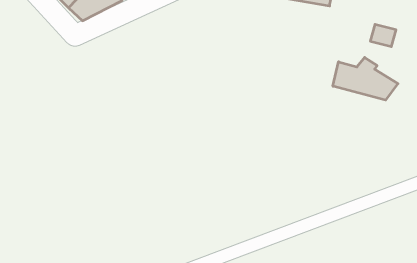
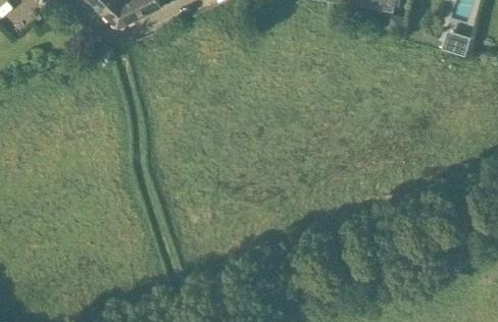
building: [333,57,398,100] -> none

